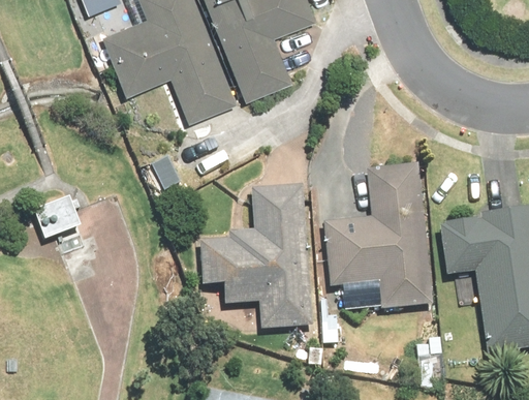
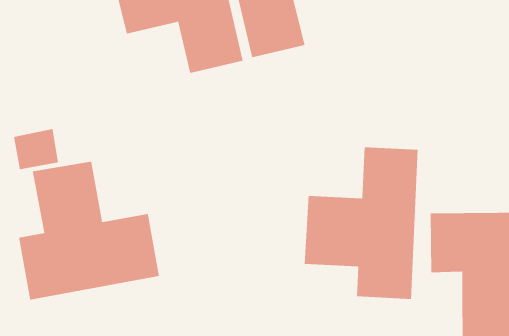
building: [195,185,311,330] -> none
building: none -> [19,161,159,301]

